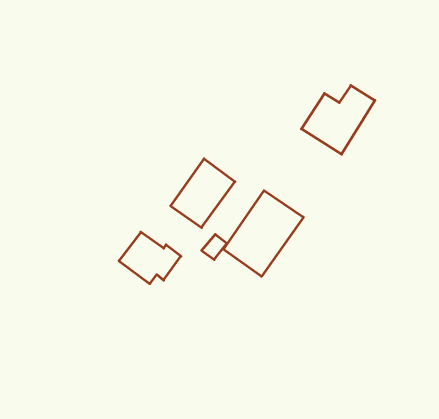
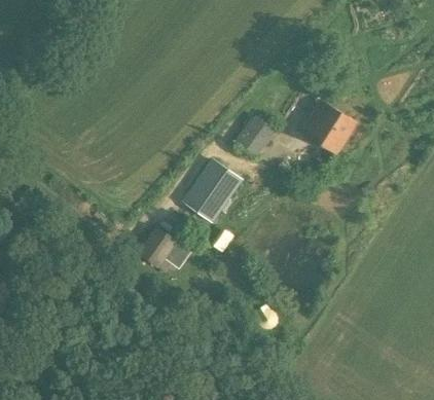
building: none -> [233,115,277,159]
building: [223,191,303,276] -> none

